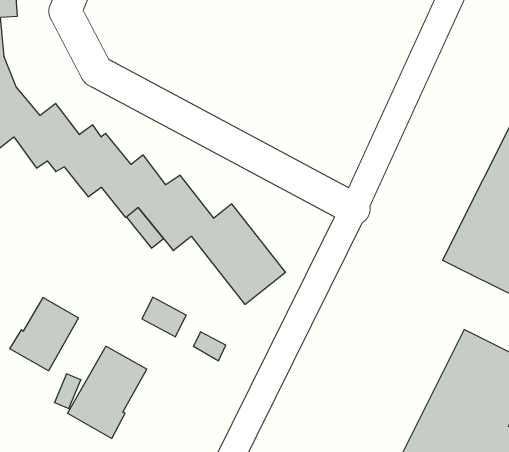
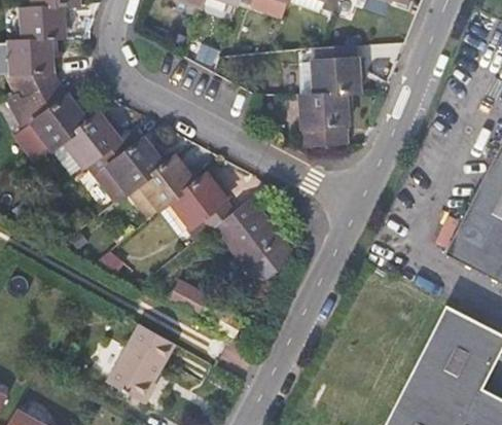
building: none -> [299,47,358,140]
building: [10,297,78,371] -> none

